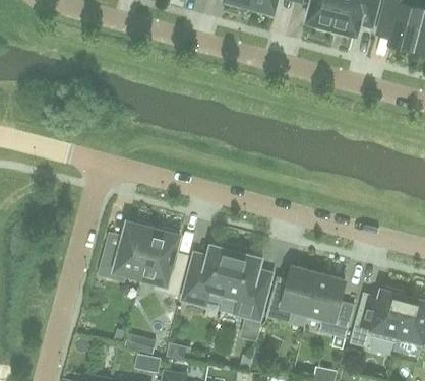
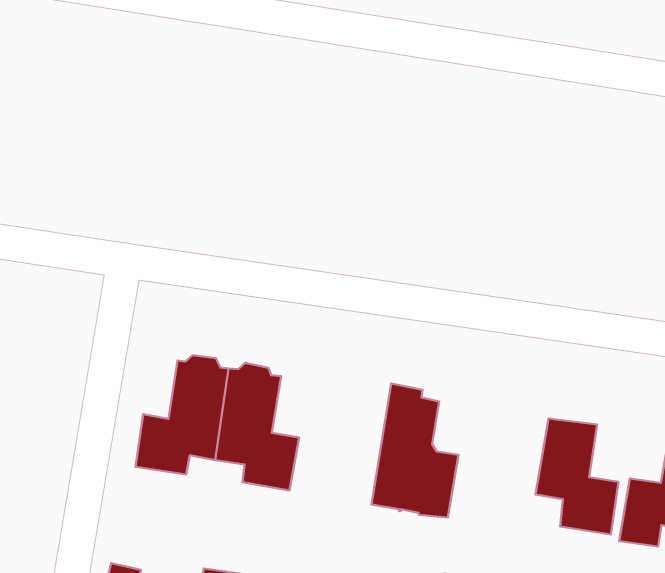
building: [181,242,237,309] -> none
building: [262,266,318,323] -> none

